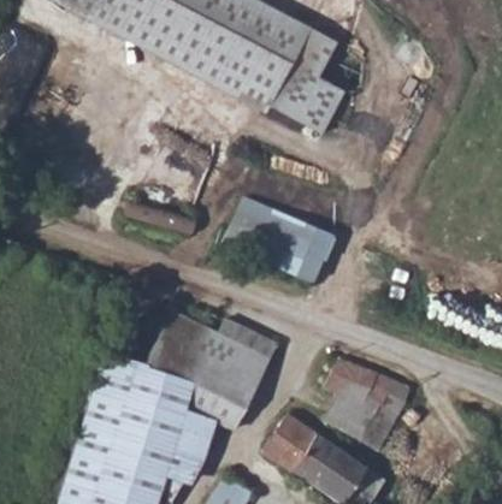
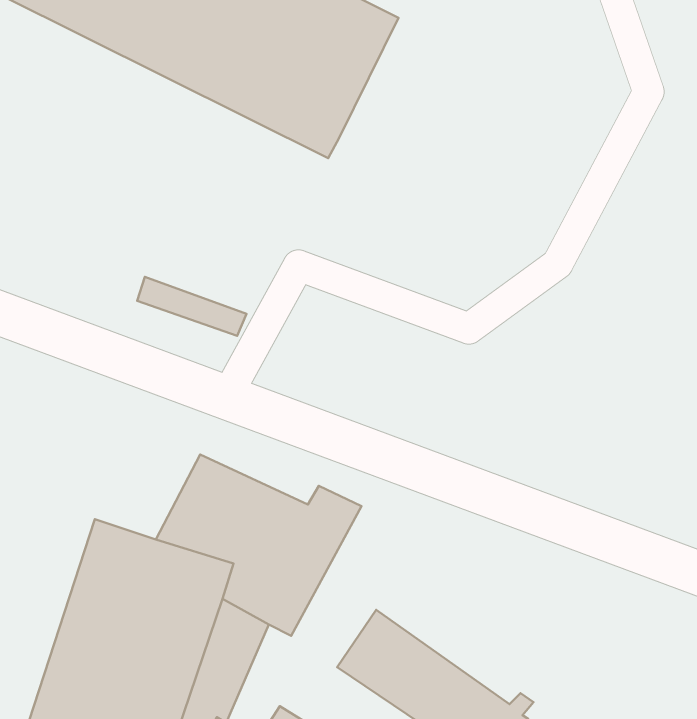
building: [265,25,341,130] -> none
building: [229,204,336,281] -> none
building: [330,356,413,435] -> none

